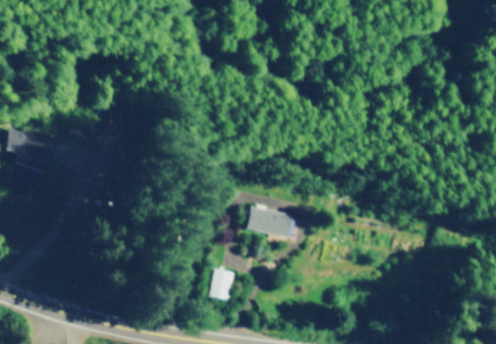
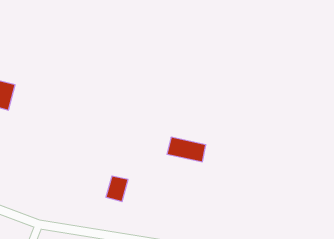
building: [207,269,236,302] -> [106,176,128,202]

